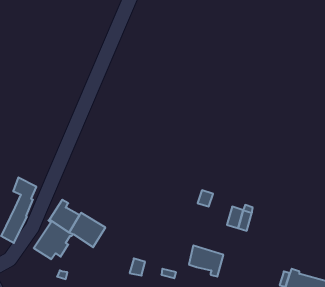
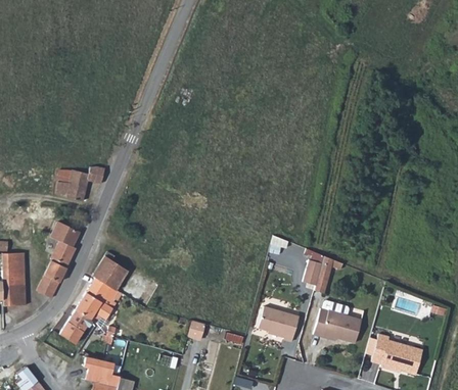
building: none -> [55,166,102,201]
building: none -> [313,299,362,343]
building: none -> [58,308,93,343]

